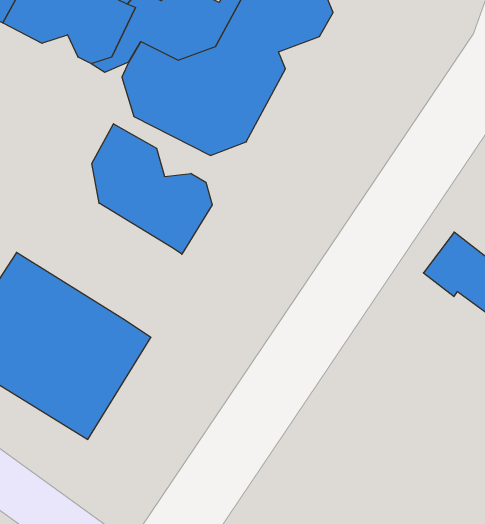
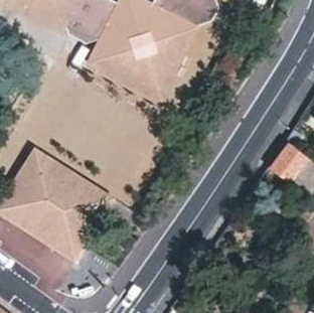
building: [92,124,212,254] -> none

